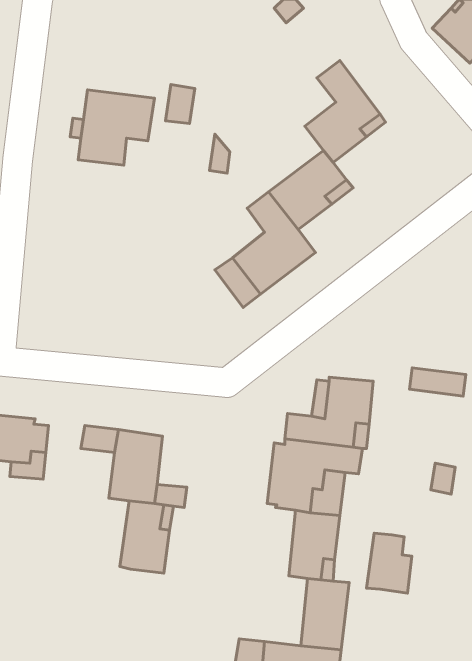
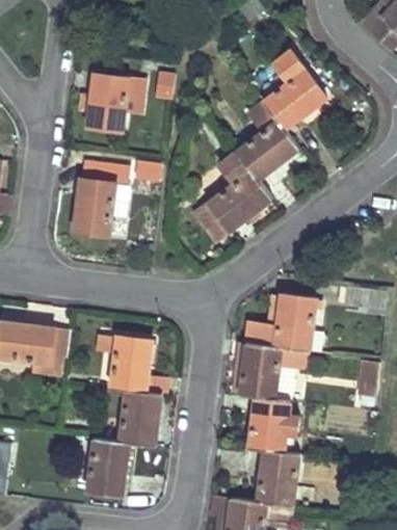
building: none -> [73,159,129,236]
building: [366,533,412,593] -> none
building: none -> [86,439,128,495]

